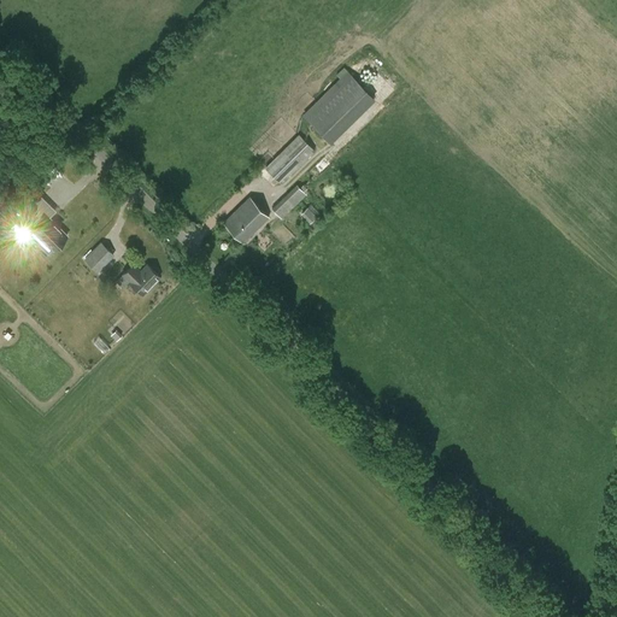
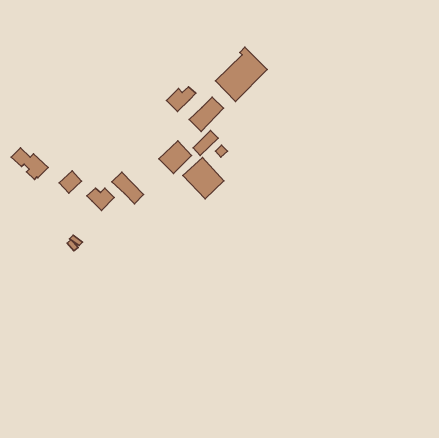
building: none -> [167,87,196,112]
building: none -> [183,157,224,199]
building: none -> [112,172,144,204]

